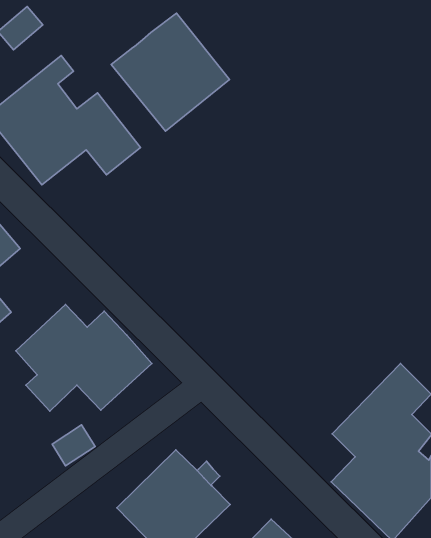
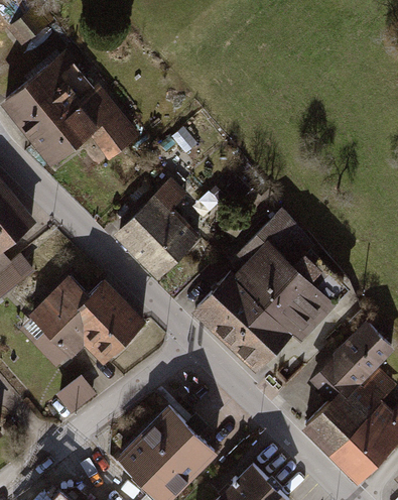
building: [111,13,230,131] -> none
building: none -> [111,178,203,284]
building: none -> [195,207,337,372]

